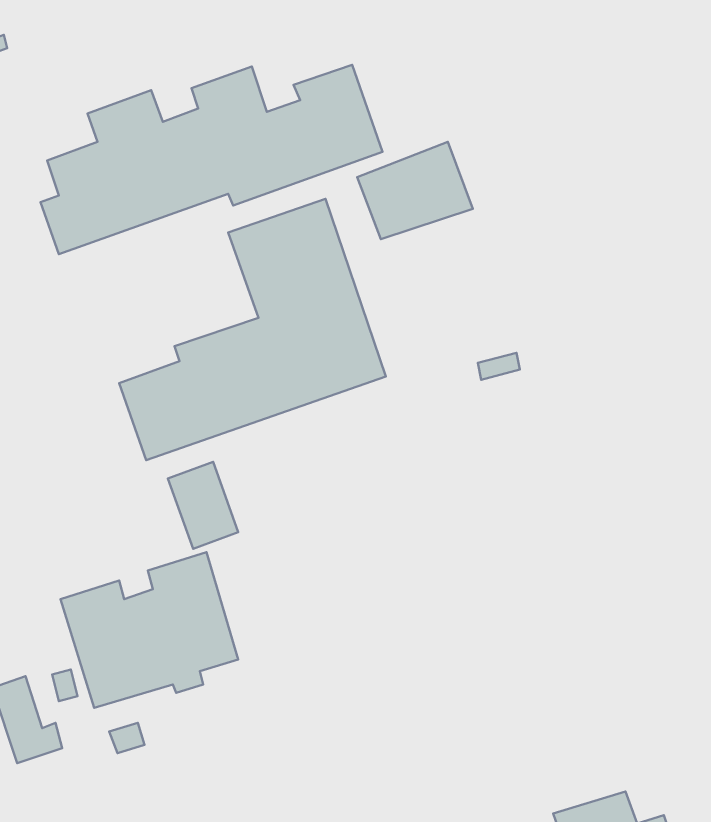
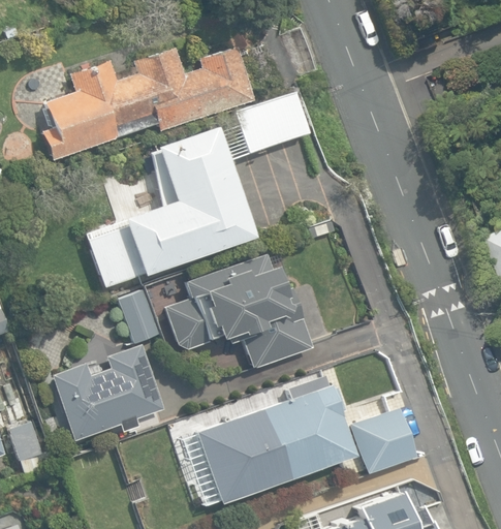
building: none -> [166,254,312,368]
building: none -> [200,375,355,498]
building: none -> [350,407,413,474]

